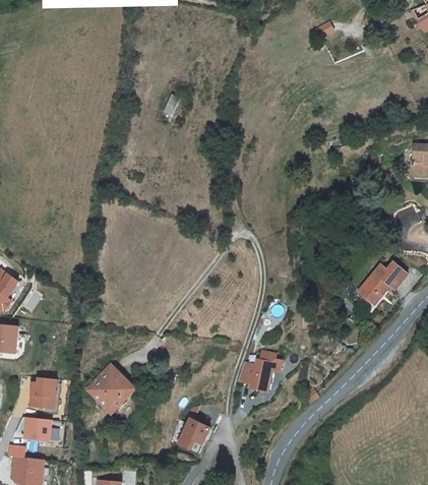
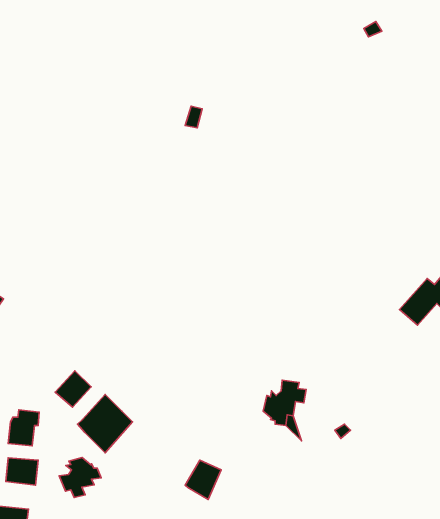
building: none -> [55,371,91,407]
building: none -> [59,457,101,498]

